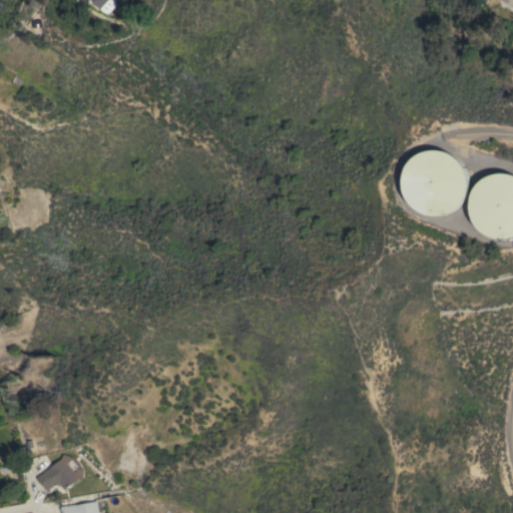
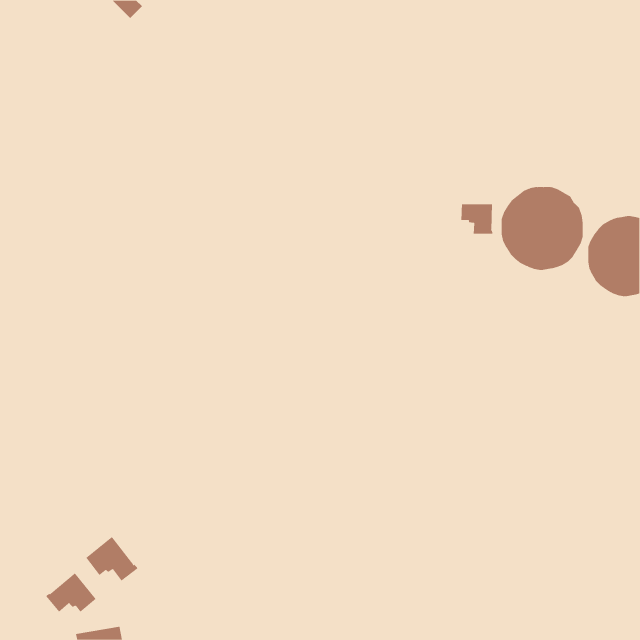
building: none -> [461,204,493,235]
building: none -> [85,536,138,581]

